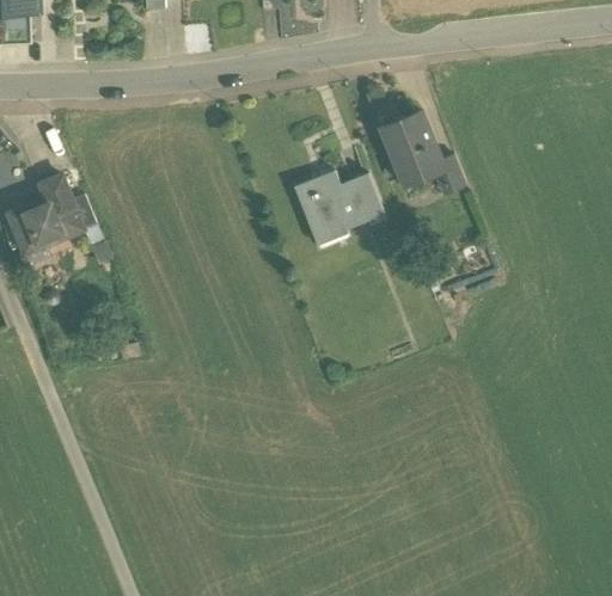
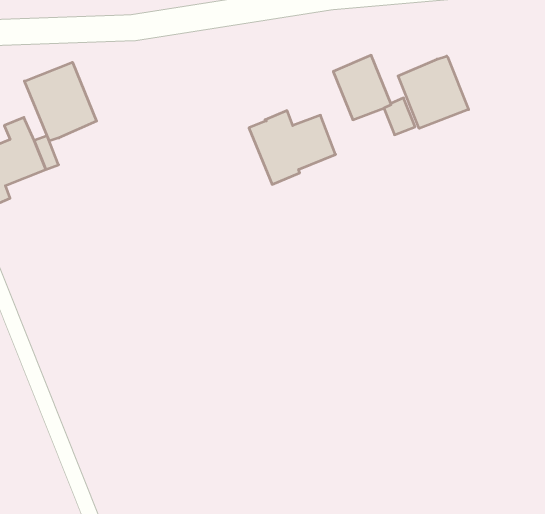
building: none -> [398,56,469,128]
building: none -> [24,62,97,141]

